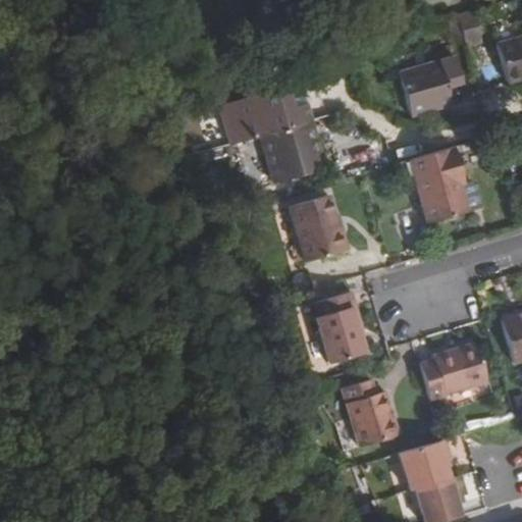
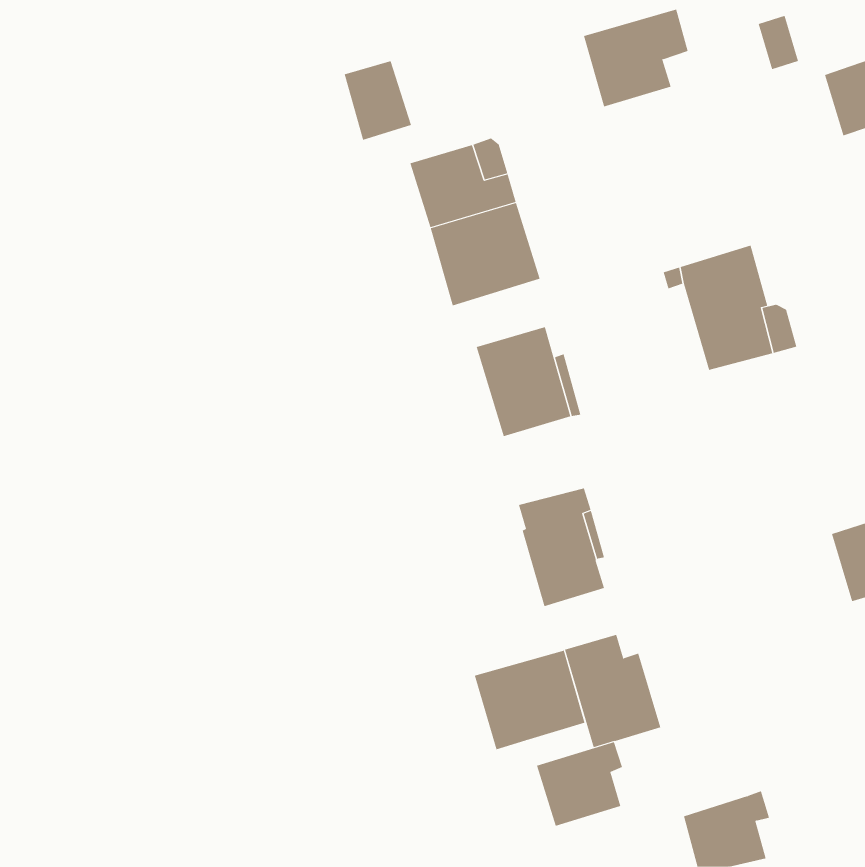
building: [399,57,462,116] -> [583,9,689,107]
building: [219,98,260,146] -> [344,60,412,140]
building: [420,343,487,398] -> none
building: none -> [474,650,585,750]
building: [400,438,452,489] -> [536,742,623,827]

